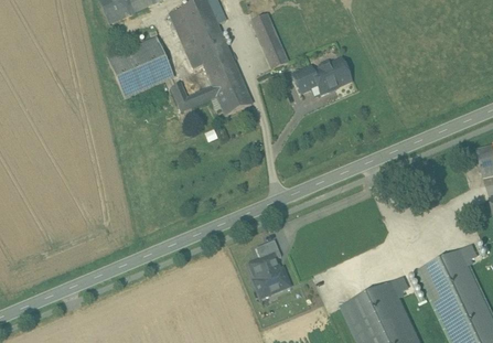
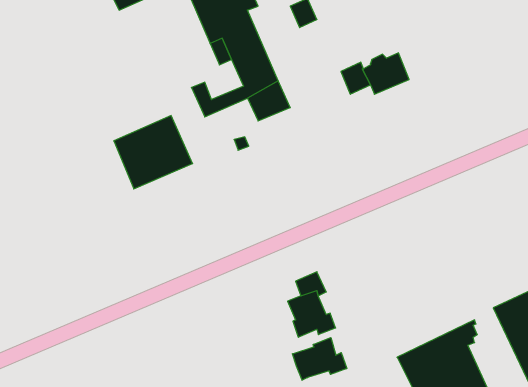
building: [259,31,288,68] -> none
building: [108,36,173,97] -> [114,116,193,189]
building: none -> [292,338,347,380]

